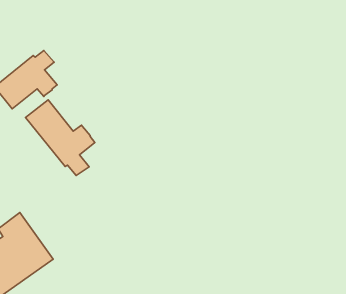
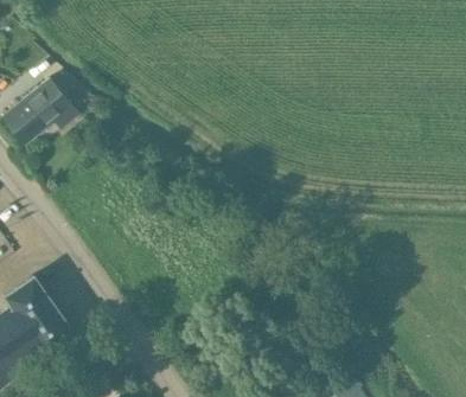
building: [26,100,95,176] -> none

